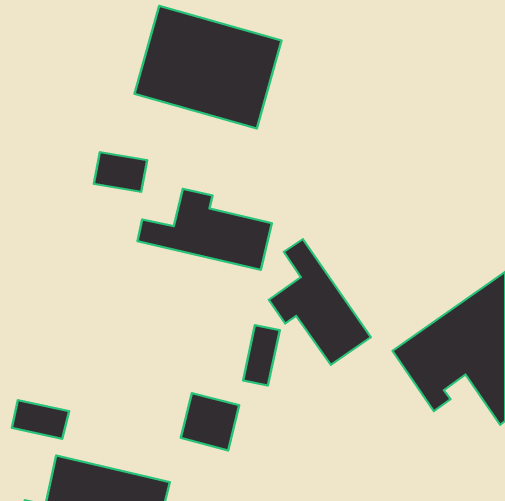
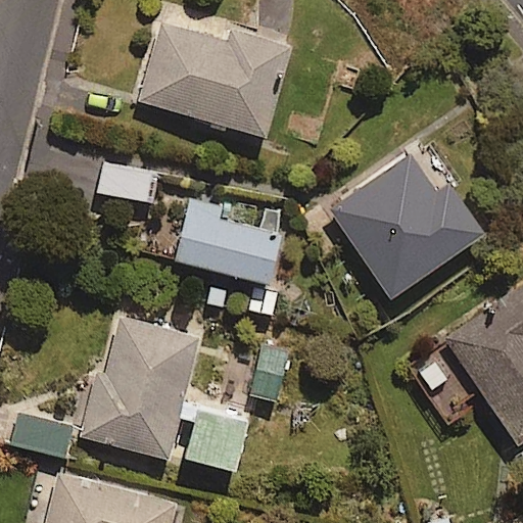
building: none -> [327,147,485,298]
building: [269,239,371,365] -> none
building: none -> [90,319,199,459]

